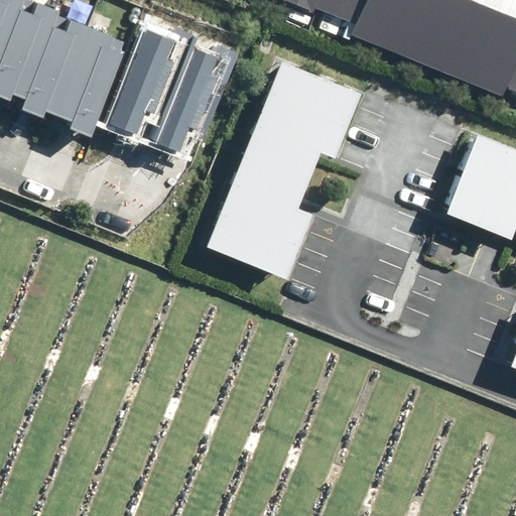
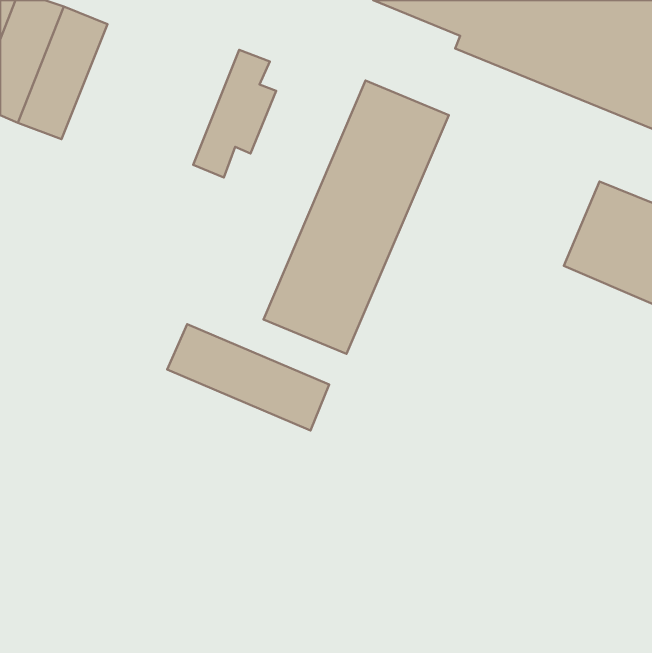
building: [49,19,120,124] -> none
building: [105,22,169,123] -> none
building: none -> [167,324,329,431]

